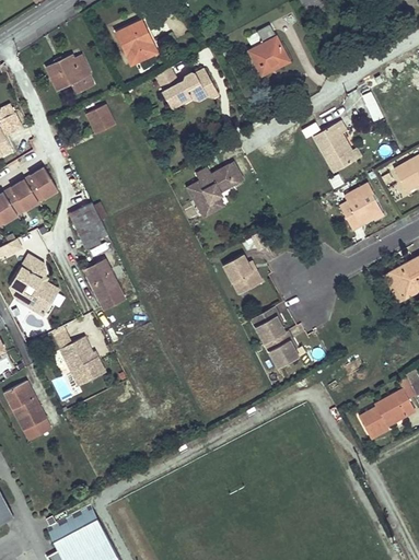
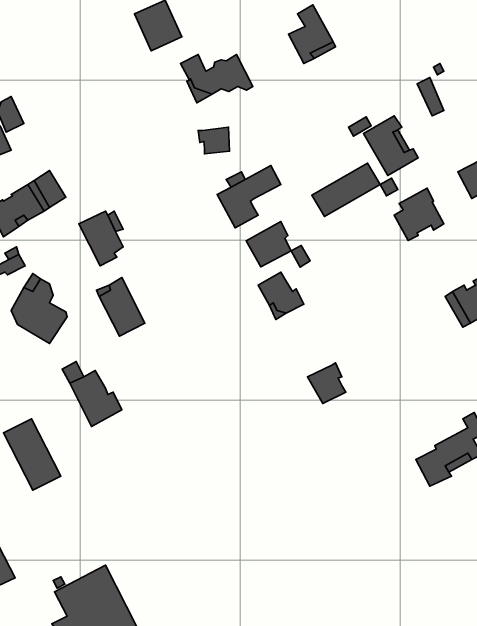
building: [46,56,93,93] -> none
building: [85,105,115,135] -> none
building: none -> [198,127,230,154]
building: none -> [312,163,380,217]
building: none -> [246,221,291,267]
building: [252,306,286,345] -> none

